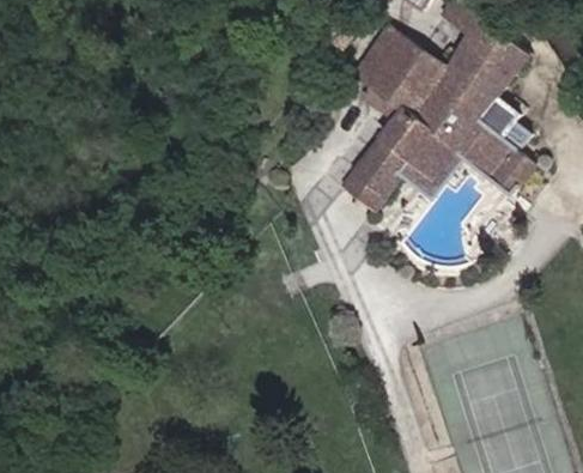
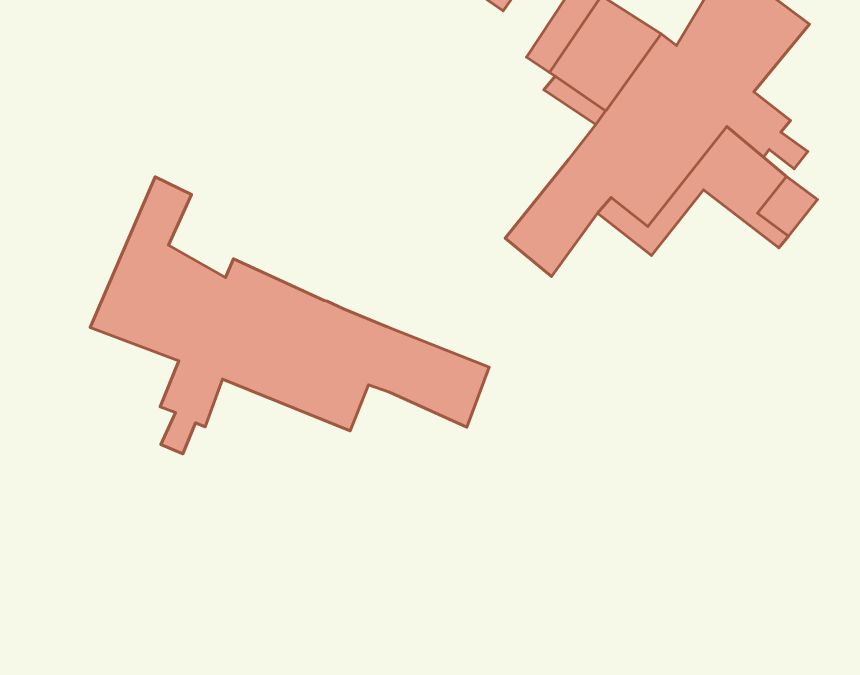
building: none -> [90,177,489,454]

